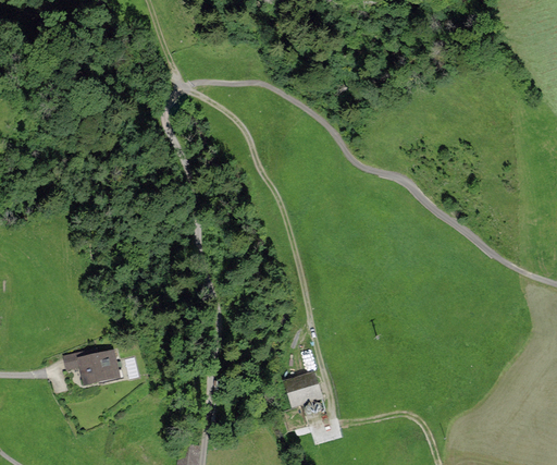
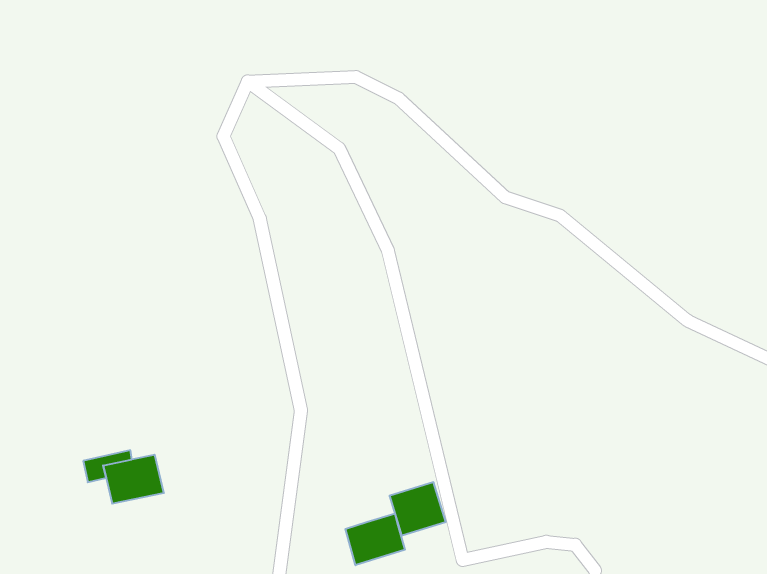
building: none -> [345,513,405,565]

